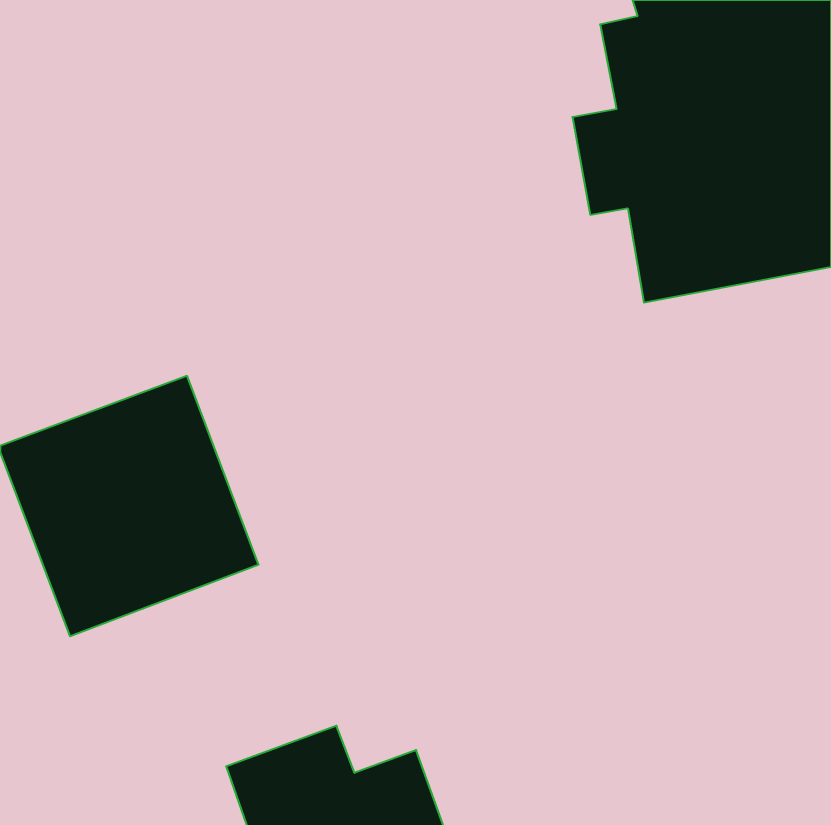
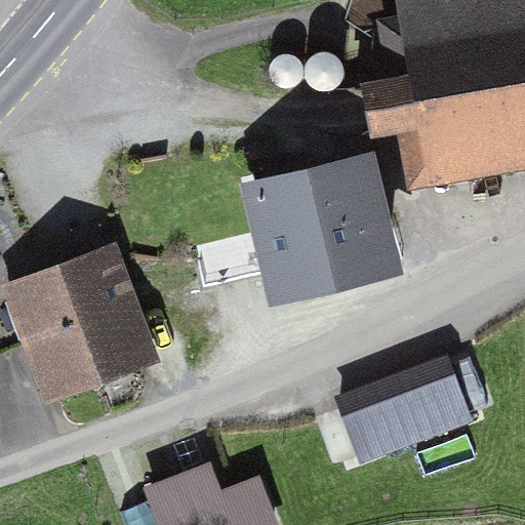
building: none -> [240,149,403,300]
building: none -> [333,356,474,466]

